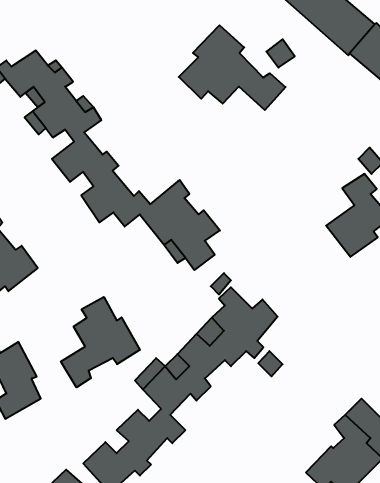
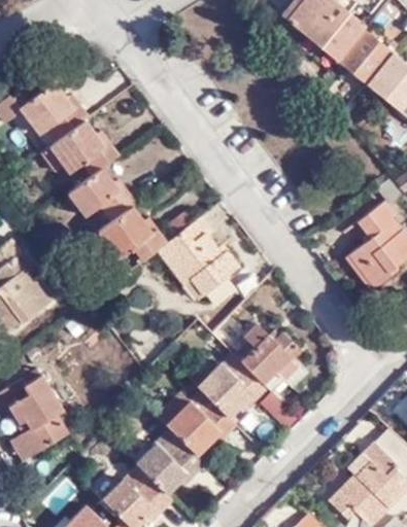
building: [179,25,286,110] -> none
building: [61,297,140,387] -> none

